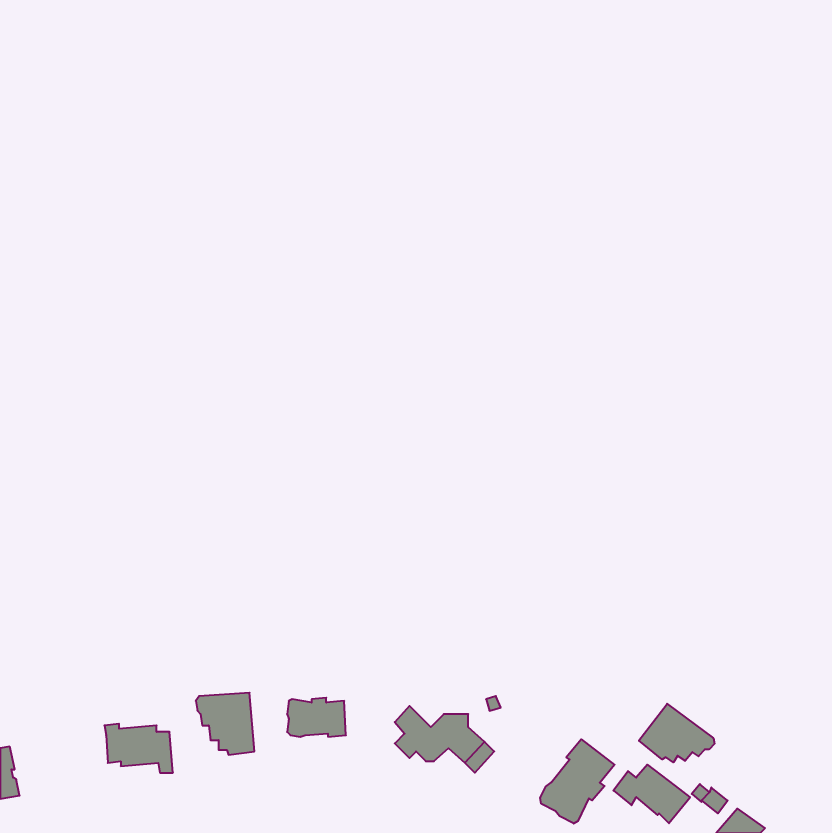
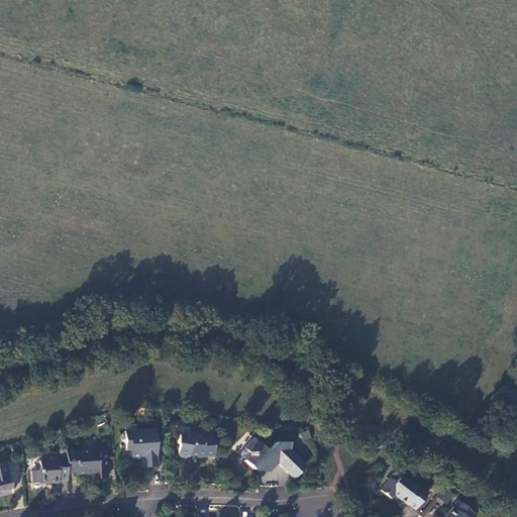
building: [639,704,715,762] -> none
building: none -> [31,455,68,483]
building: [540,739,615,824] -> none

